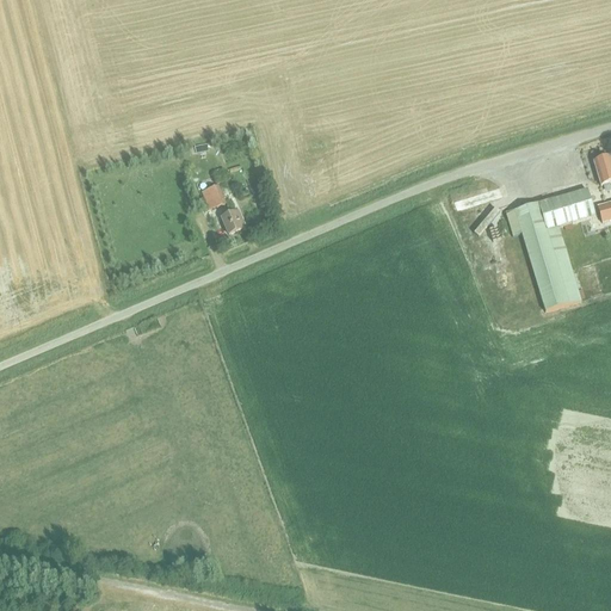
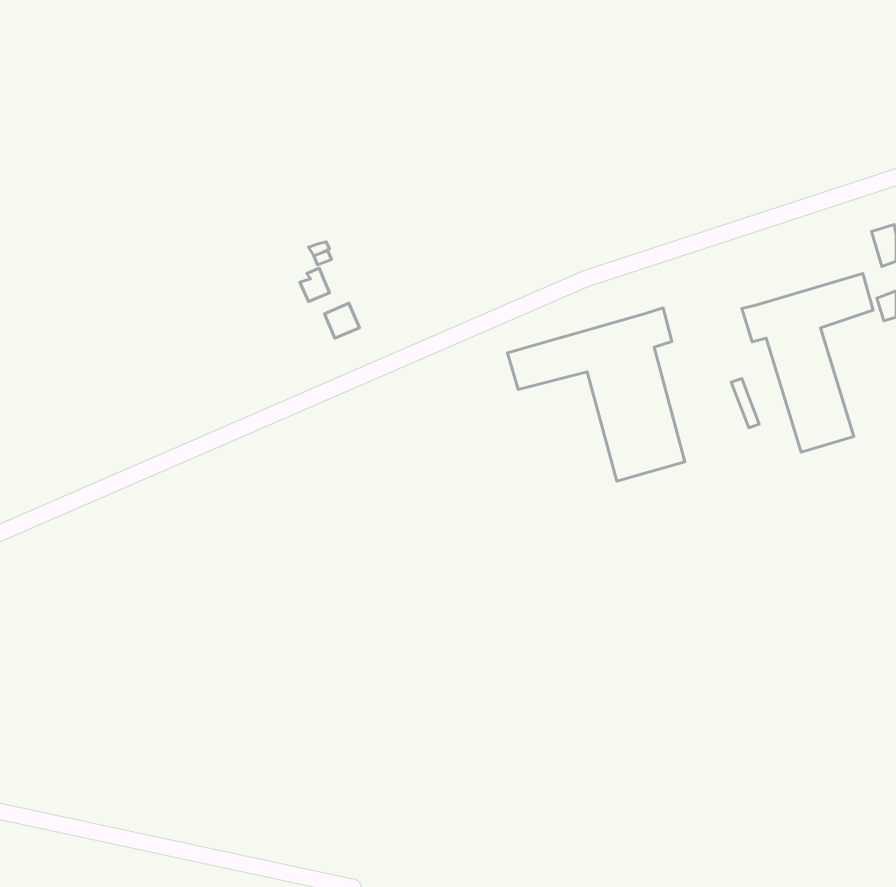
building: none -> [507,308,685,481]

